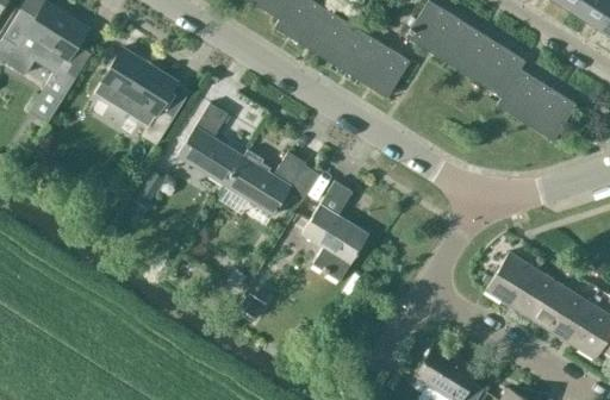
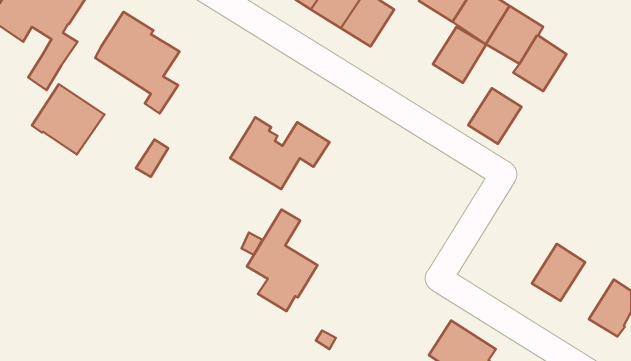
building: [359,44,410,98] -> [433,27,486,83]
building: [524,87,575,140] -> [468,88,522,144]
building: [176,104,243,187] -> none
building: none -> [32,84,105,154]
building: [301,181,369,279] -> [247,209,318,311]
building: [486,252,537,307] -> none
building: [541,287,592,342] -> none

